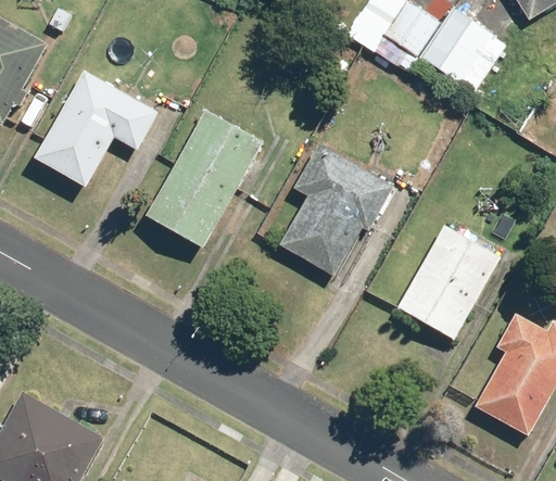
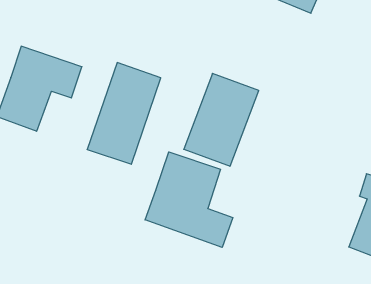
building: [396,228,496,338] -> none
building: none -> [145,152,233,247]

